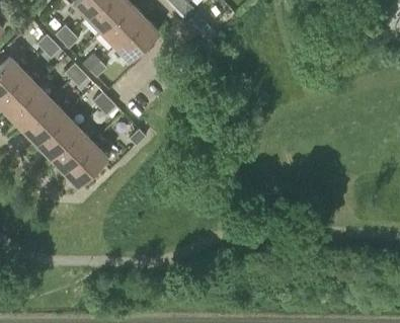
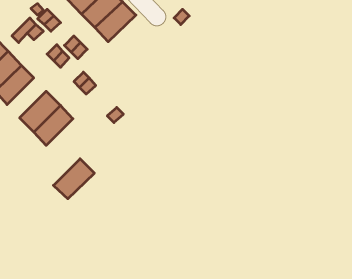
building: [22,99,64,142] -> none
building: [64,143,107,185] -> [53,159,94,199]

